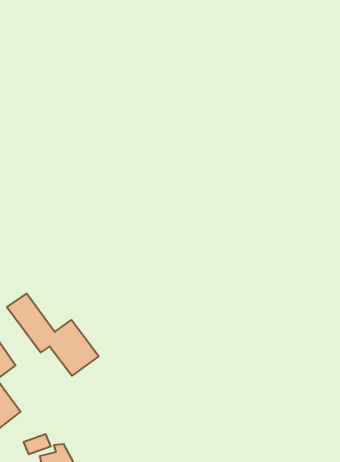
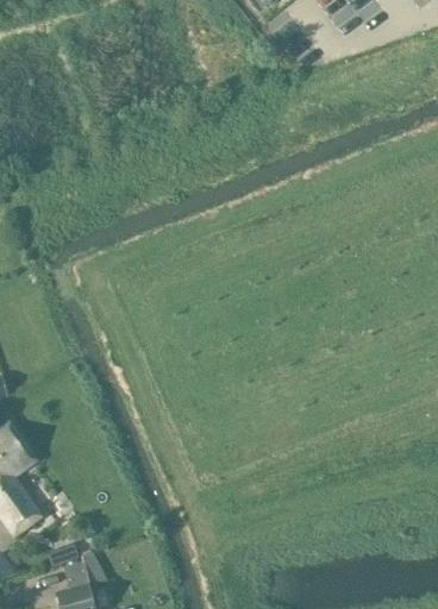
building: [7,293,99,376] -> none

